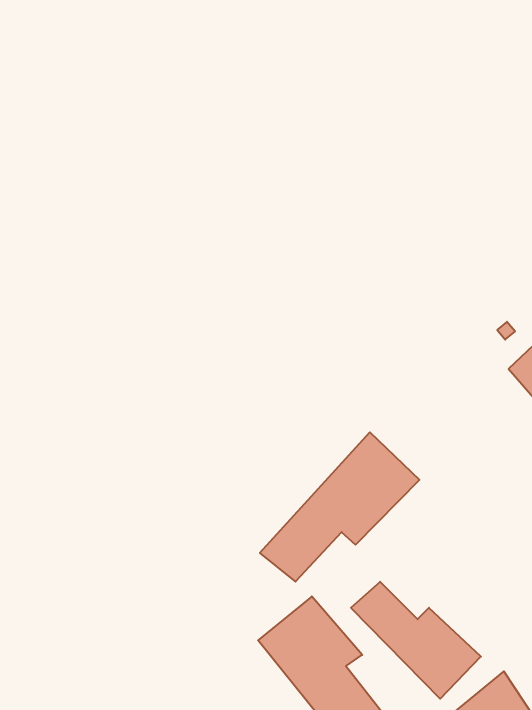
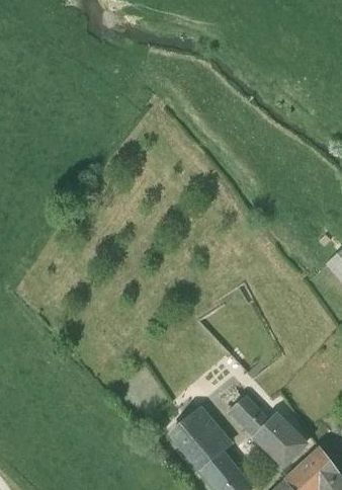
building: [260,432,419,582] -> none

